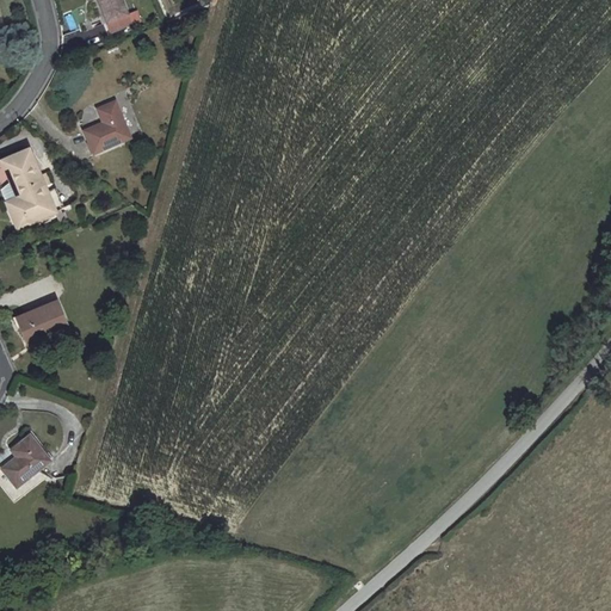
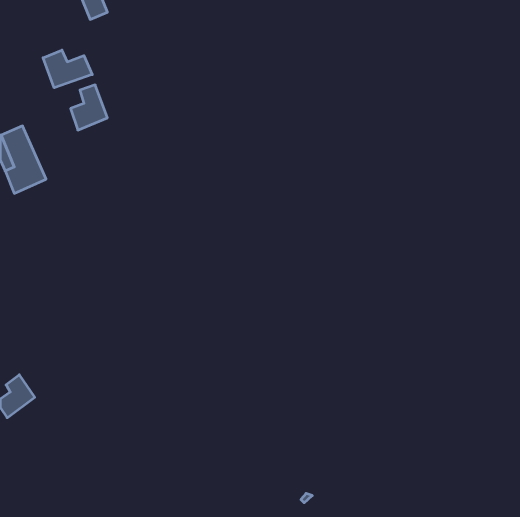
building: none -> [43,50,92,88]
building: [18,301,64,341] -> none

